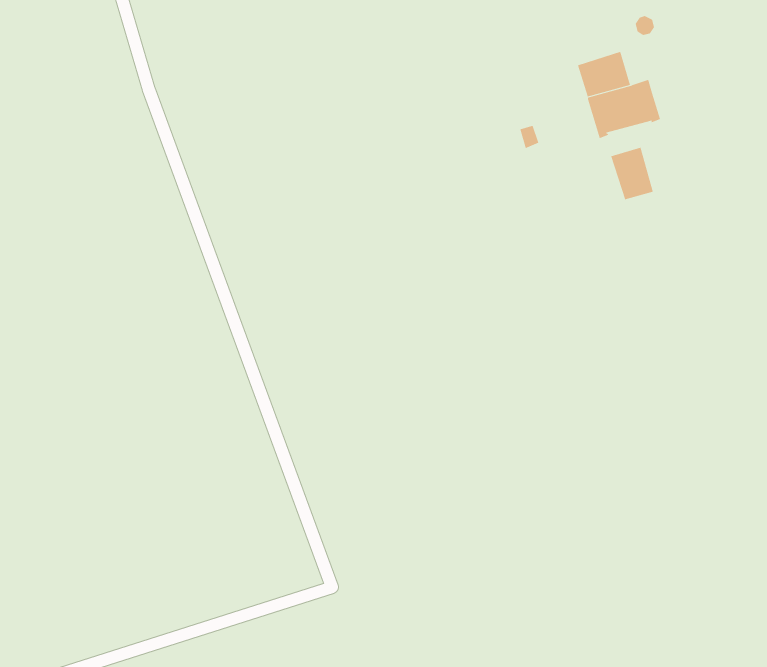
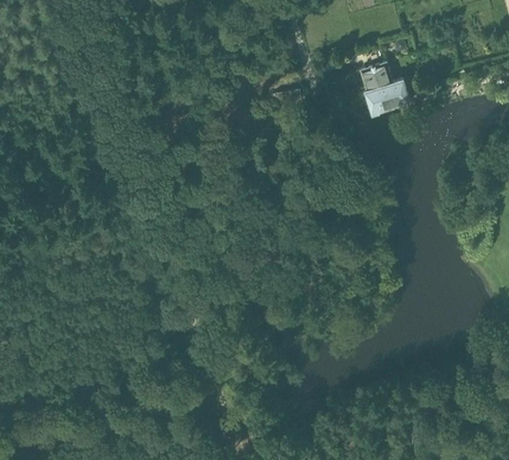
building: [611,147,654,200] -> none

